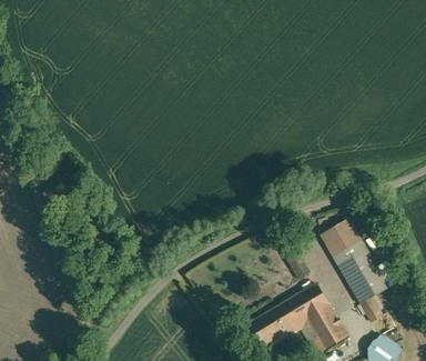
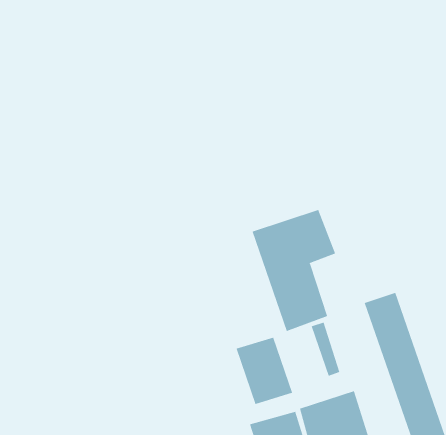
building: none -> [252,209,336,332]
building: none -> [236,337,293,405]

